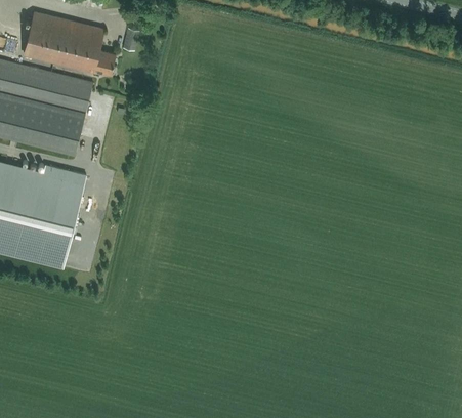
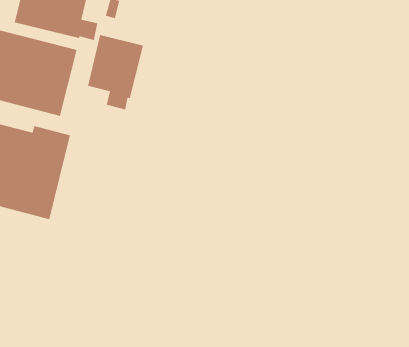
building: none -> [87,34,144,110]

